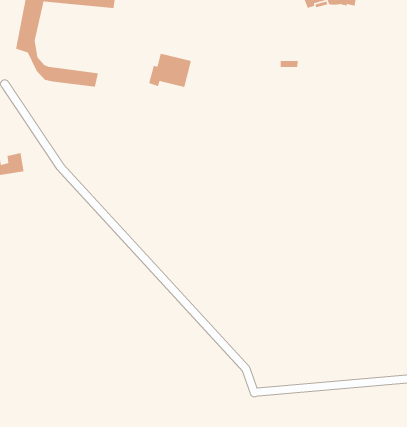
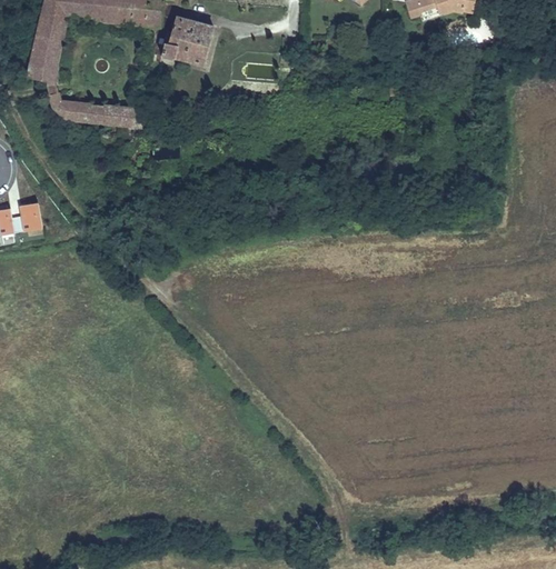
building: [148,53,192,88] -> [157,16,214,61]

